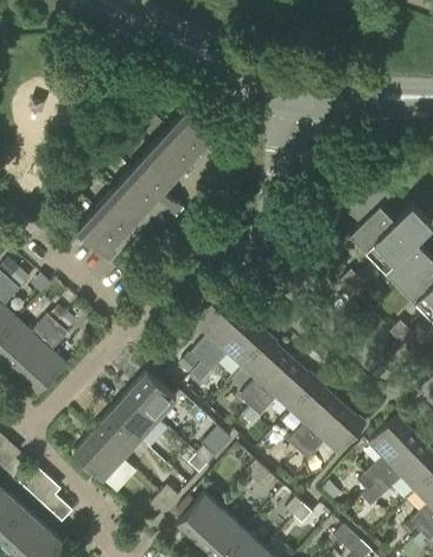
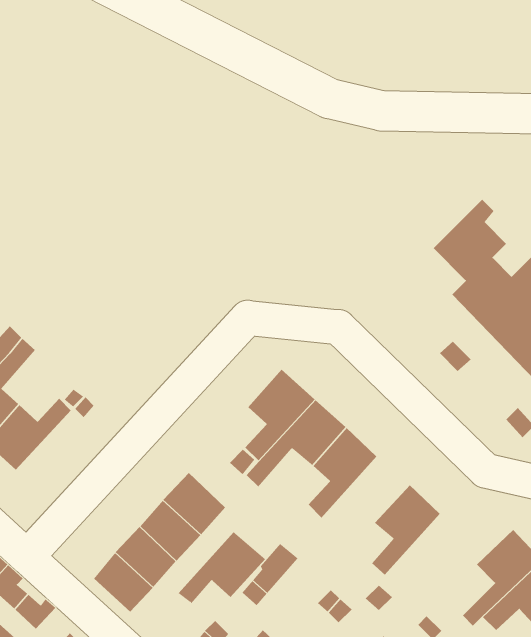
building: [77,108,218,259] -> none
building: [14,324,68,393] -> none
building: [249,360,317,416] -> [178,531,266,604]
building: [298,404,365,460] -> none

